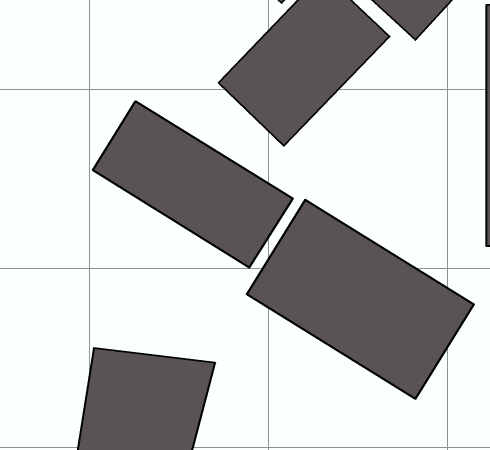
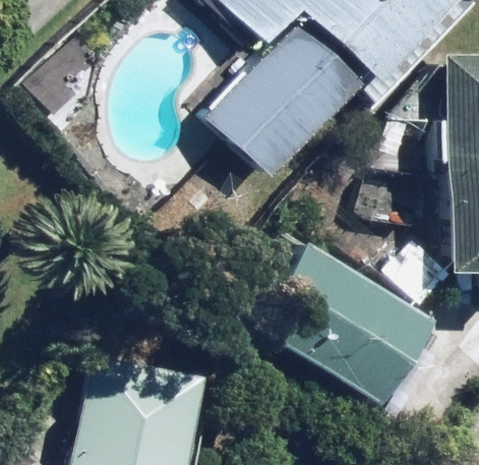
building: [93,101,293,268] -> none

